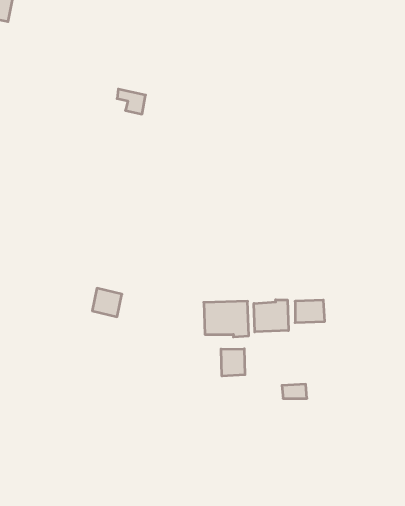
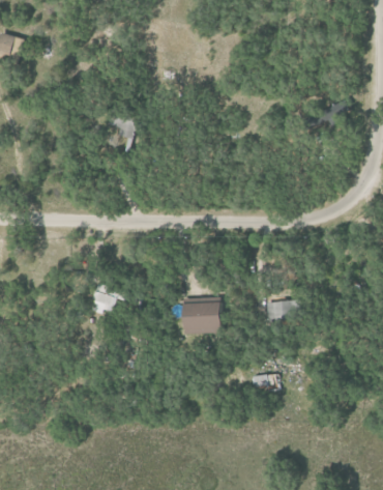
building: [254,300,288,332] -> none
building: [221,349,245,376] -> none

